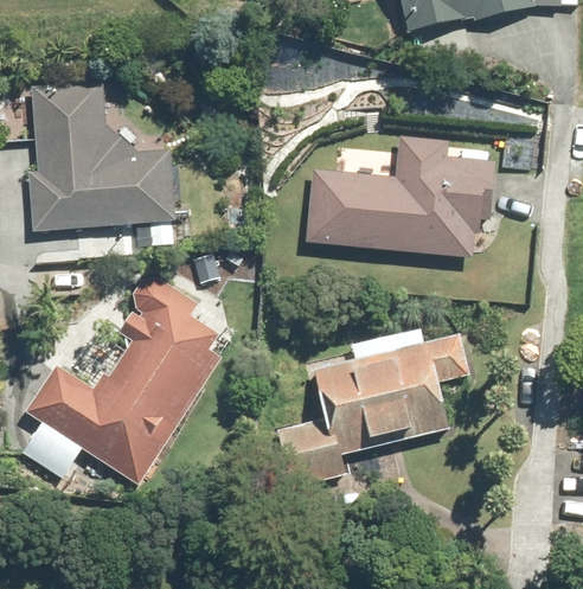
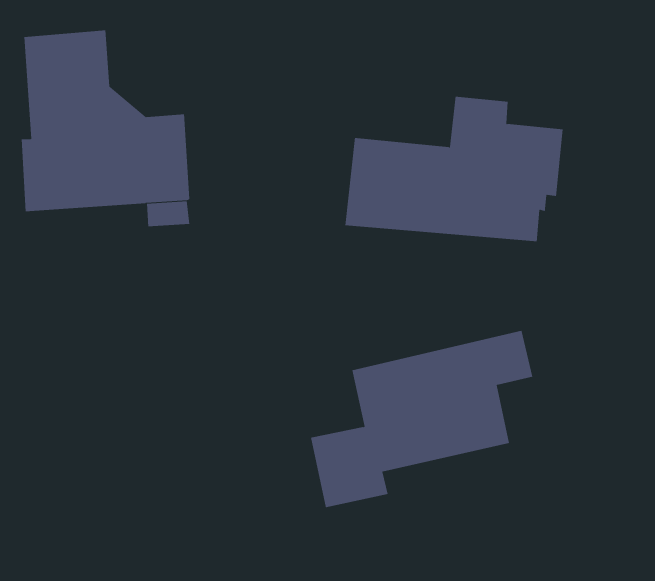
building: [24,277,222,487] -> none

